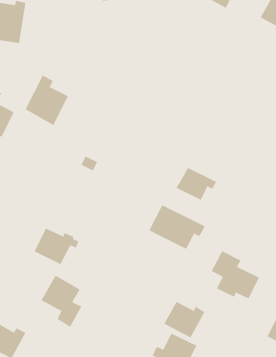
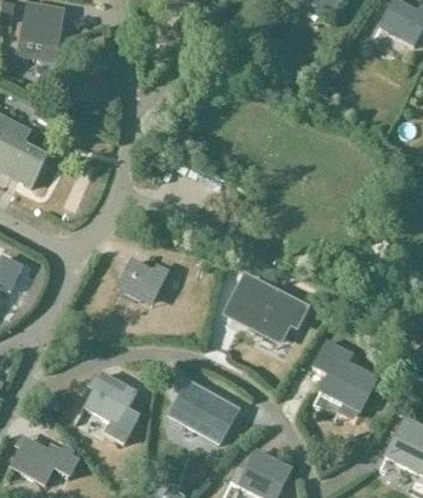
building: [25,75,69,126] -> none
building: [176,167,217,200] -> none
building: [34,228,79,265] -> [115,257,176,307]
building: [164,301,205,338] -> [176,390,231,440]

